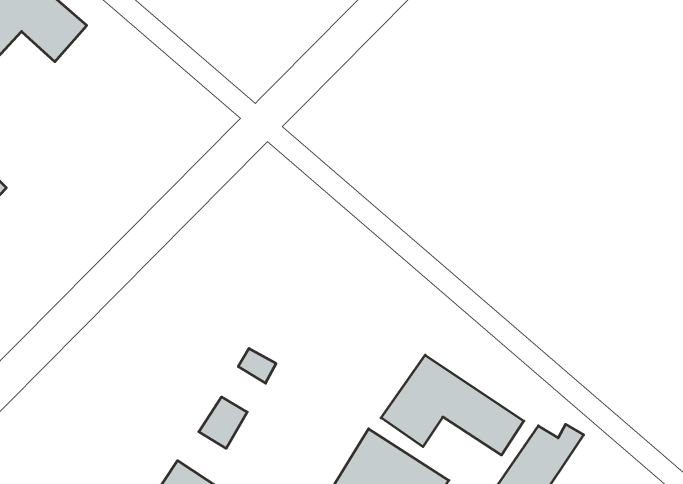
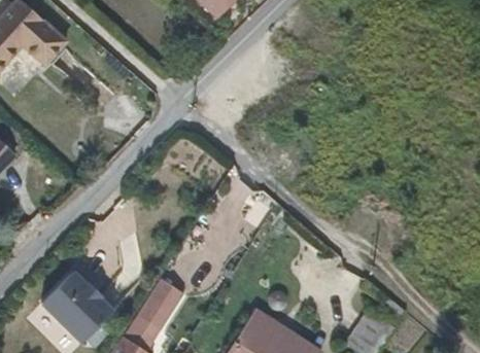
building: [381,355,524,455] -> none
building: none -> [43,272,114,343]

